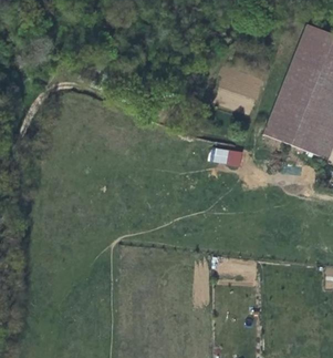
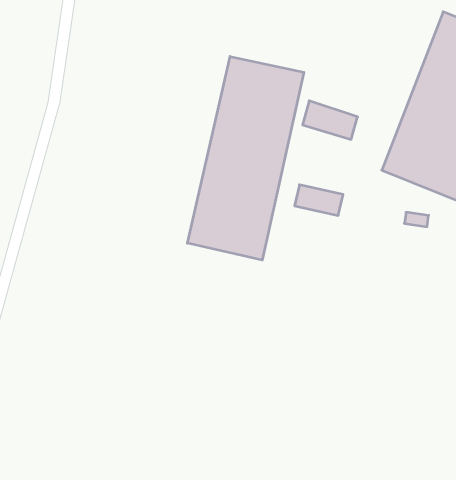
building: none -> [187,56,304,260]

